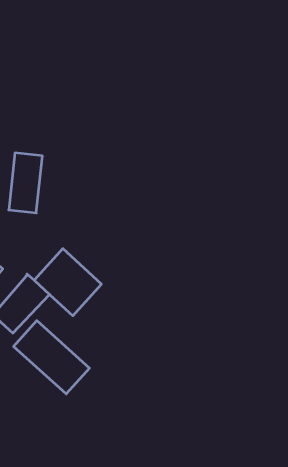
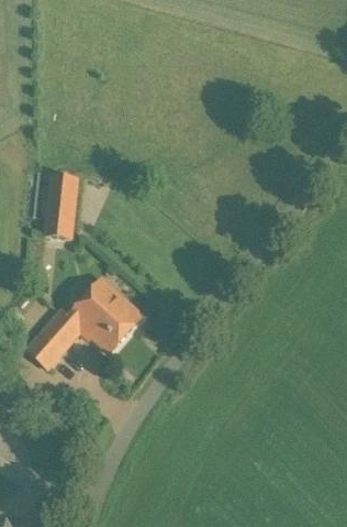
building: [14,321,89,394] -> none

